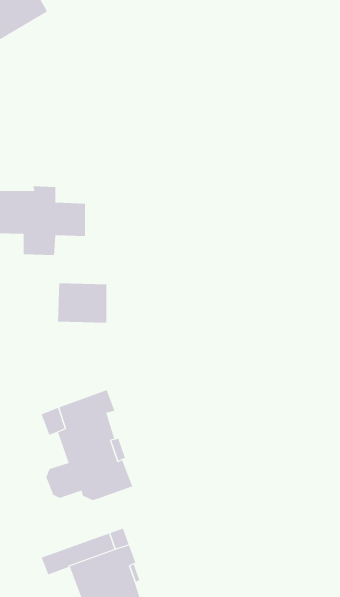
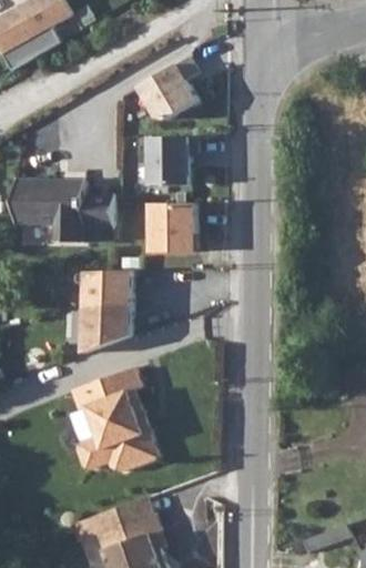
building: none -> [135,53,199,119]
building: none -> [148,138,195,183]
building: none -> [148,203,194,252]
building: none -> [82,307,129,354]

